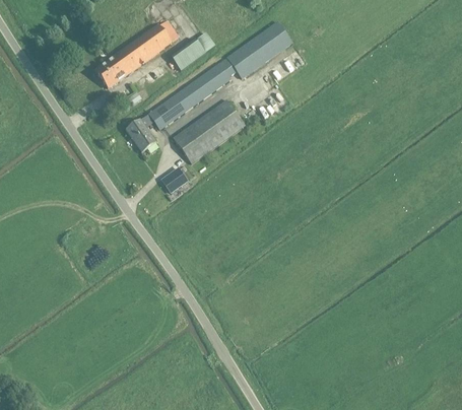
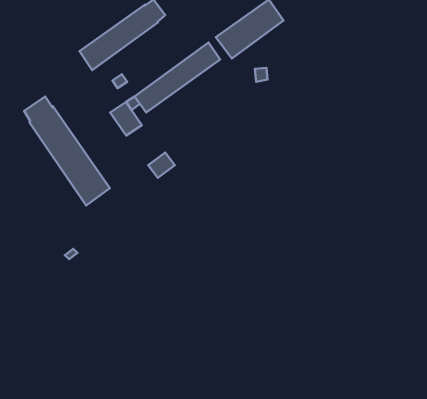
building: [173,39,207,70] -> none
building: [174,98,246,162] -> none
building: none -> [24,97,110,206]

